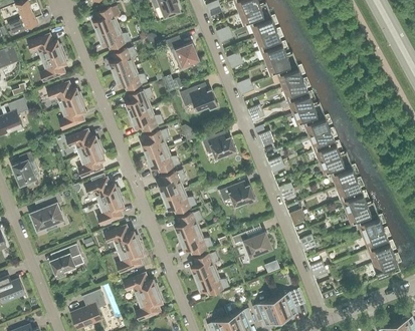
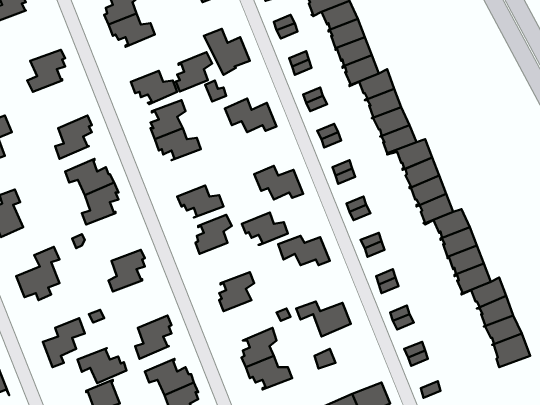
building: [28,34,63,59] -> none
building: [111,46,137,74] -> [176,52,212,91]
building: [47,82,82,107] -> none
building: [144,128,169,156] -> none
building: [85,178,121,203] -> none
building: [163,190,196,213] -> [242,213,288,245]
building: [105,226,140,251] -> [77,348,127,383]
building: [180,231,213,254] -> none

